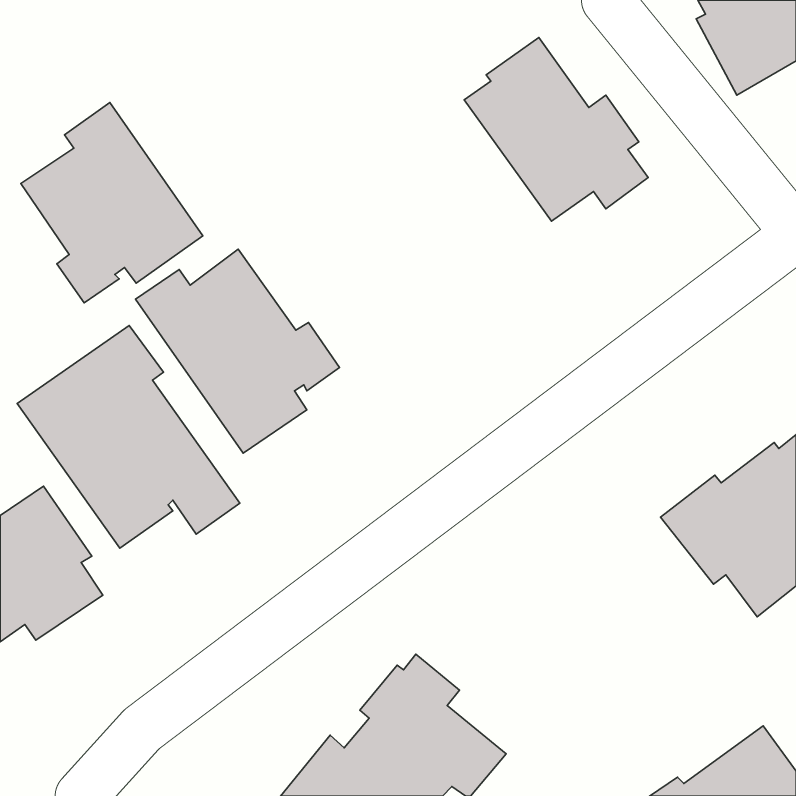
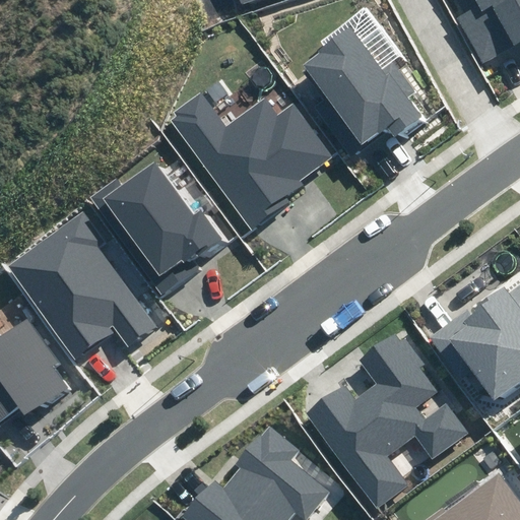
building: [21,102,203,303] -> none
building: none -> [171,93,333,232]
building: none -> [308,333,470,508]

